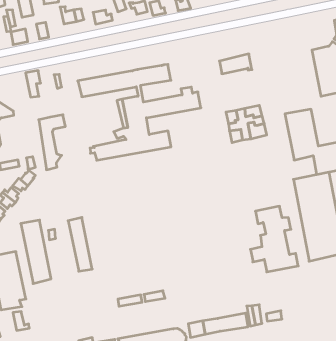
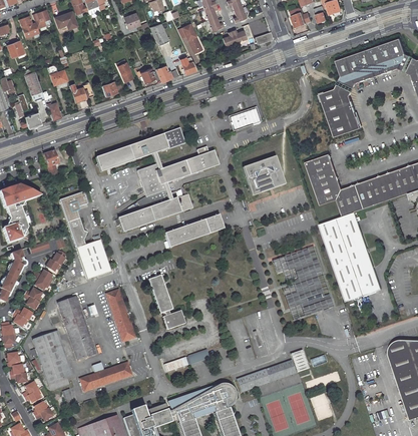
building: none -> [161,214,221,248]
building: none -> [76,238,112,279]
building: none -> [146,275,183,329]
building: none -> [79,363,130,391]

